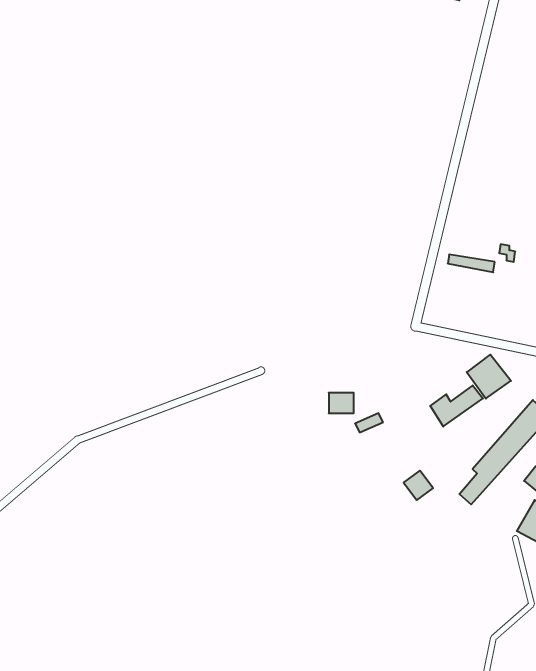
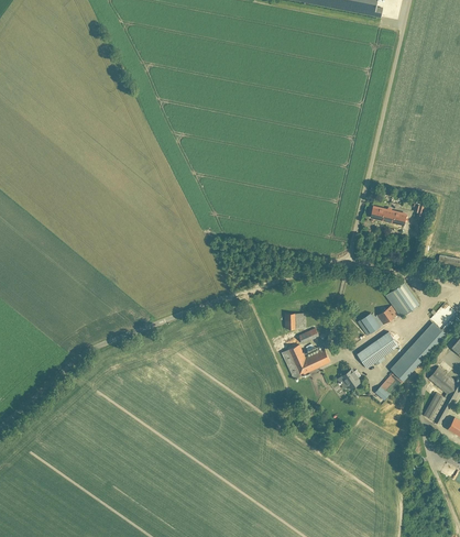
building: none -> [357,331,396,366]
building: none -> [282,344,328,377]

